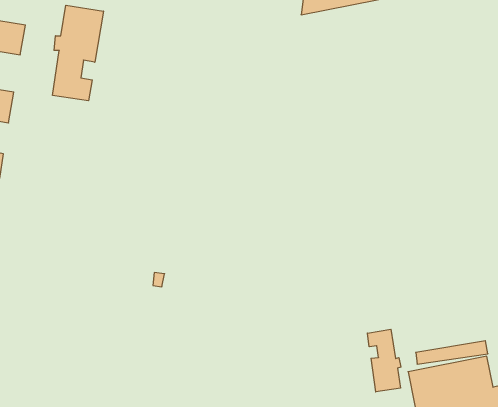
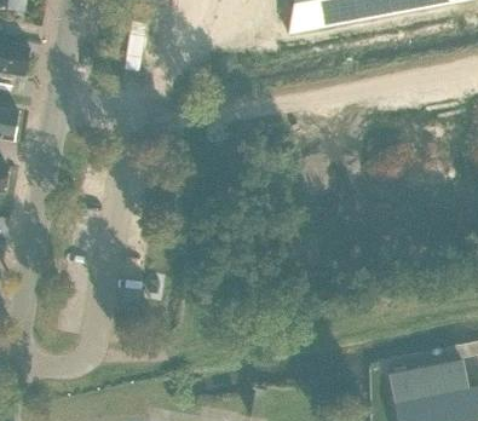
building: [53,5,103,101] -> none
building: [367,329,401,392] -> none

